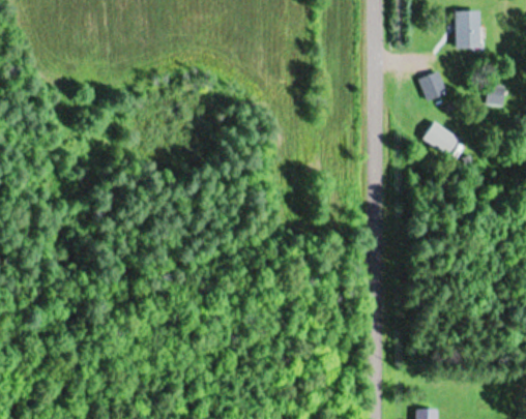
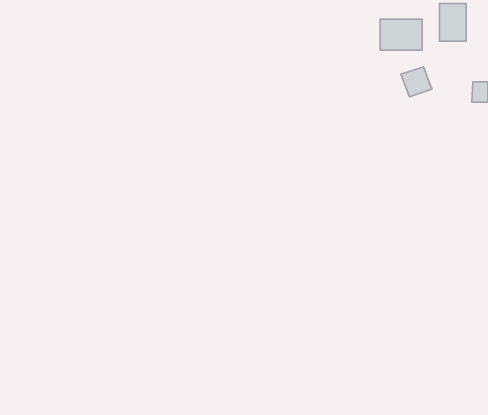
building: none -> [380,19,422,50]
building: [422,123,460,157] -> none

